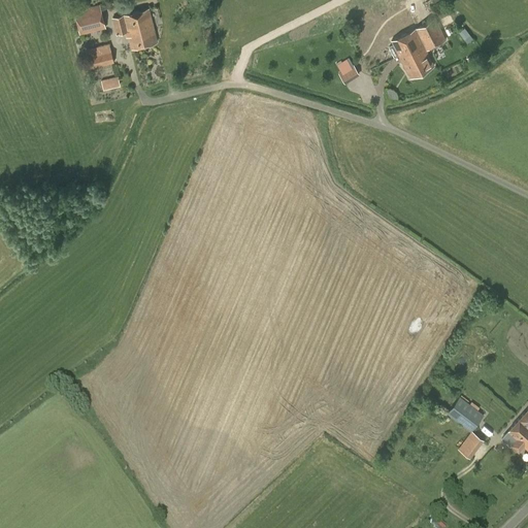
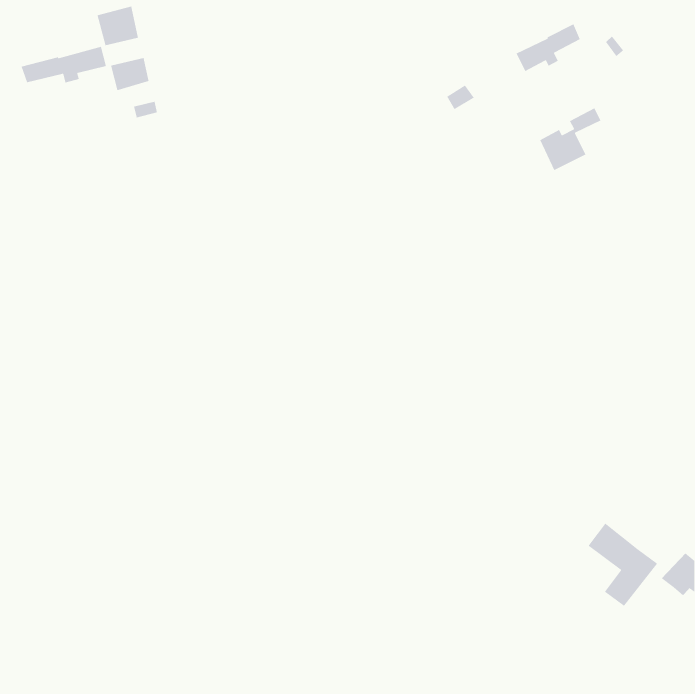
building: [112,10,157,50] -> none
building: [398,31,446,79] -> [539,107,602,171]
building: none -> [20,46,107,83]

